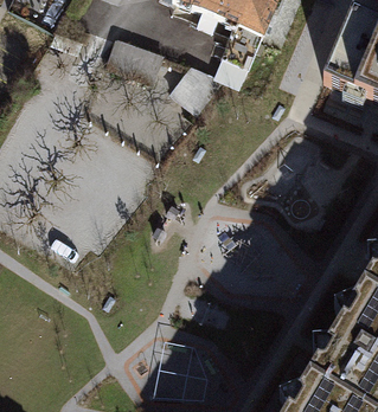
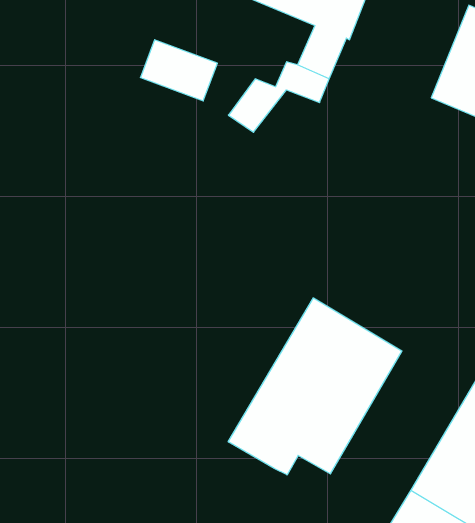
building: none -> [228,298,402,475]

